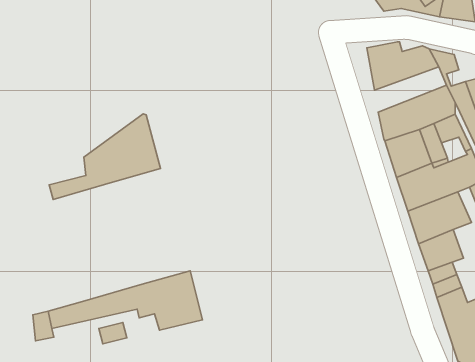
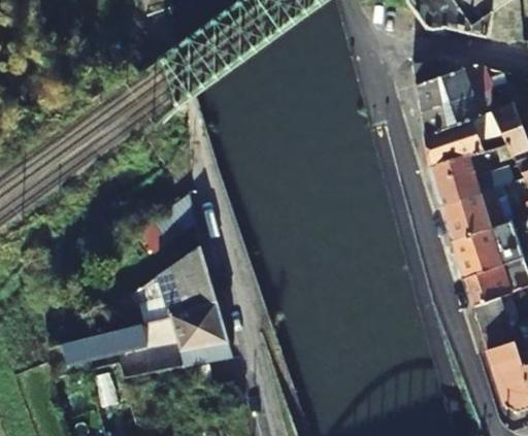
building: none -> [417,89,494,137]
building: [49,114,161,199] -> [99,248,219,340]

